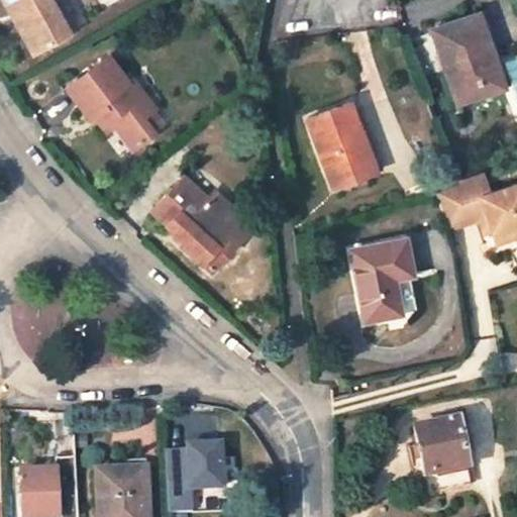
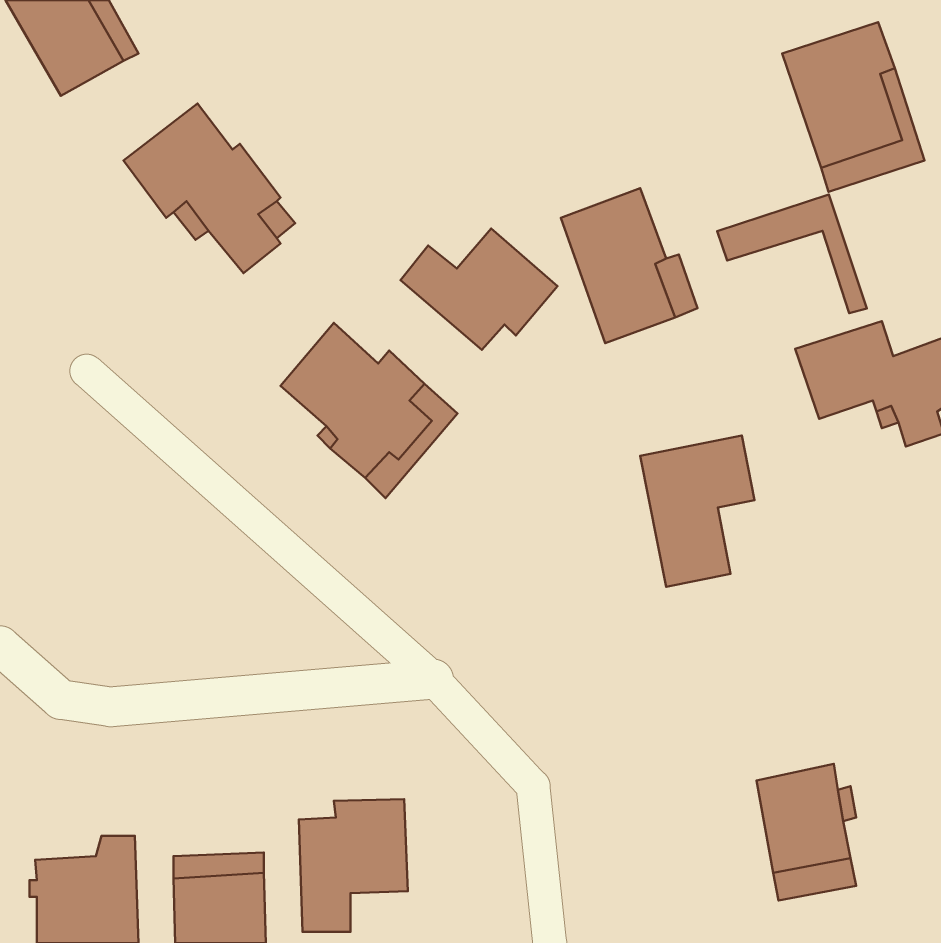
building: none -> [717,195,867,313]
building: none -> [400,228,558,350]

